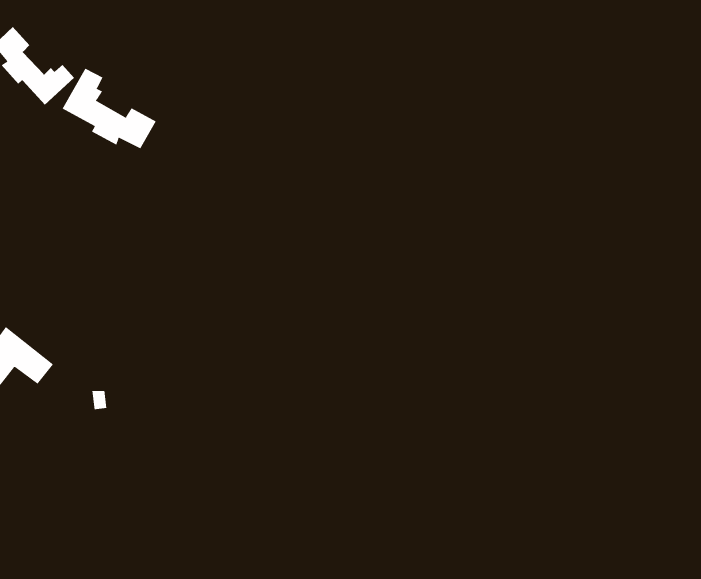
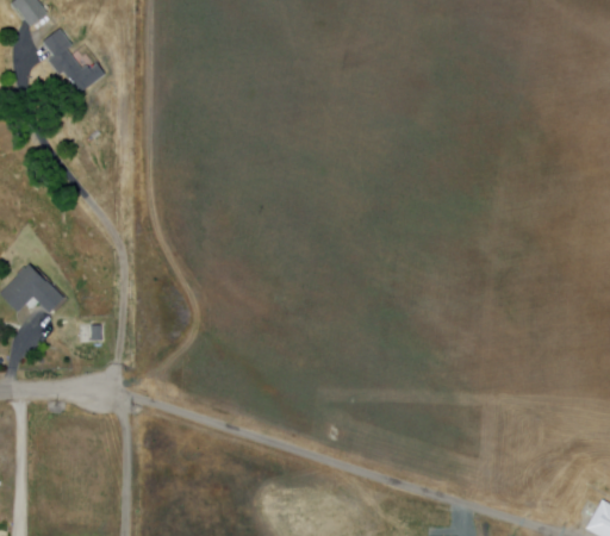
building: [62,68,157,149] -> none

